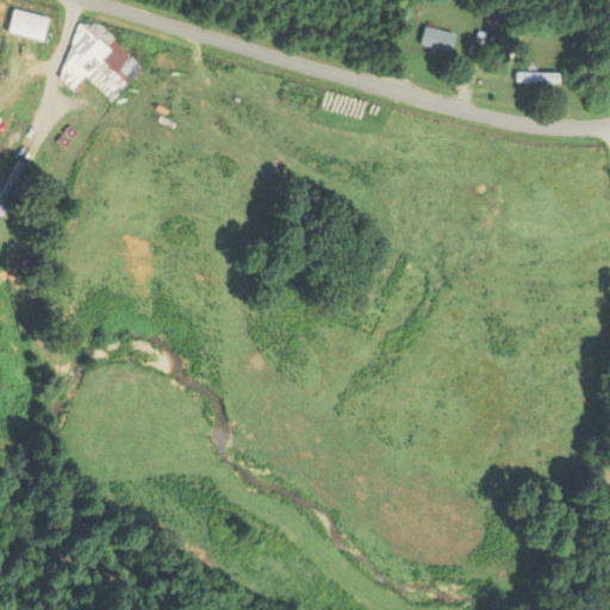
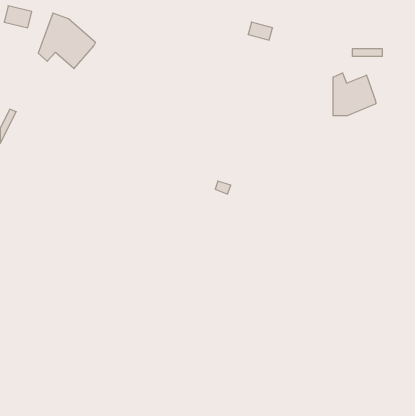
building: [421,25,456,51] -> [248,22,273,40]
building: none -> [333,73,376,116]

